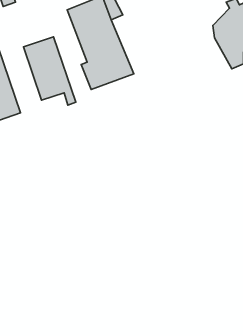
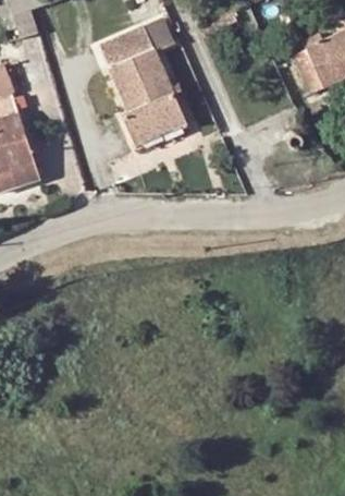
building: [24,37,76,105] -> none

